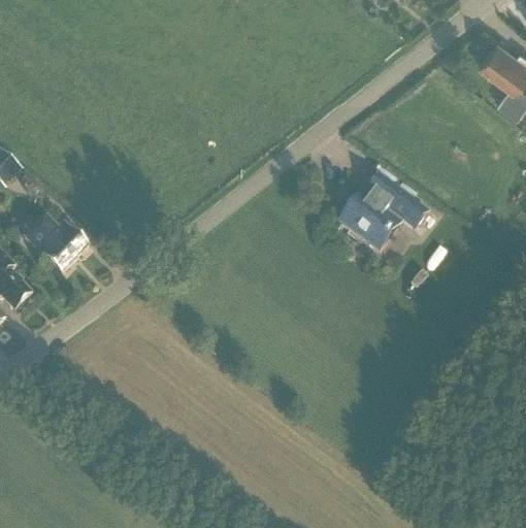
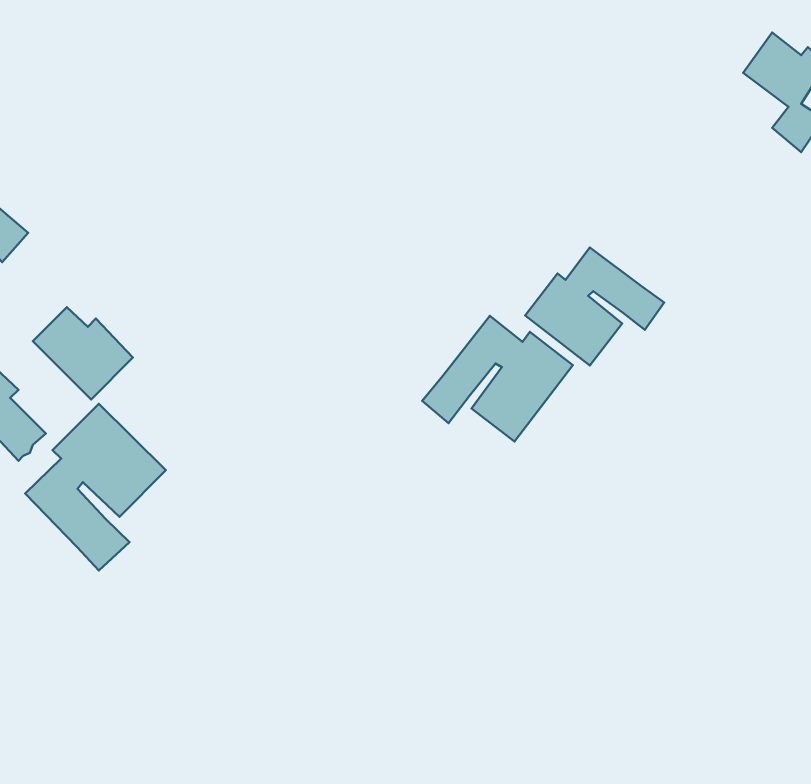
building: none -> [422,316,573,442]
building: none -> [25,404,166,571]

